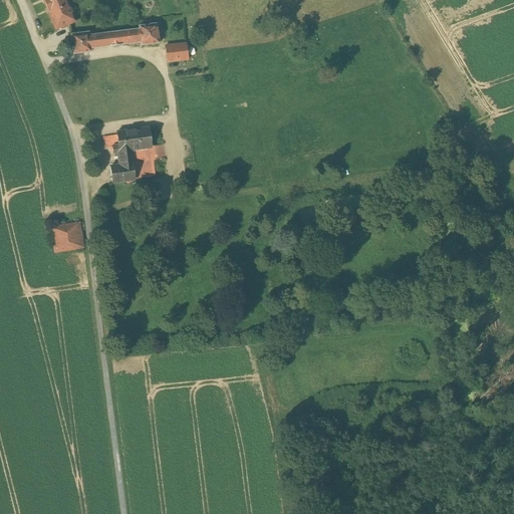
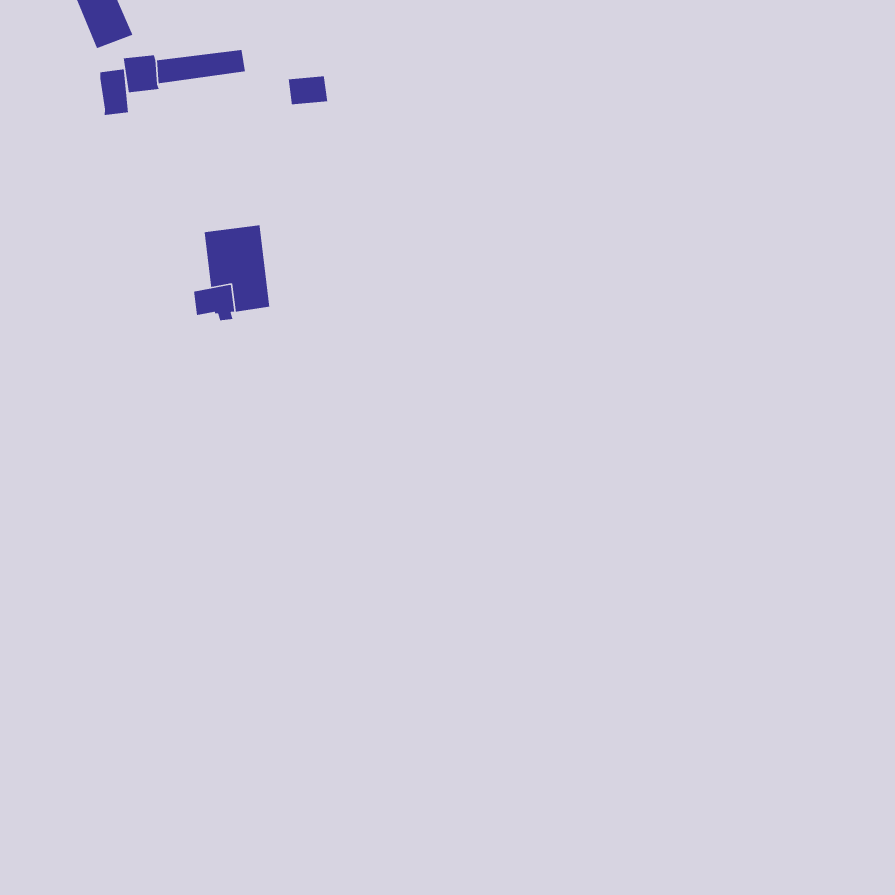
building: [140,22,160,44] -> none
building: none -> [100,69,129,116]
building: [51,222,84,251] -> none

